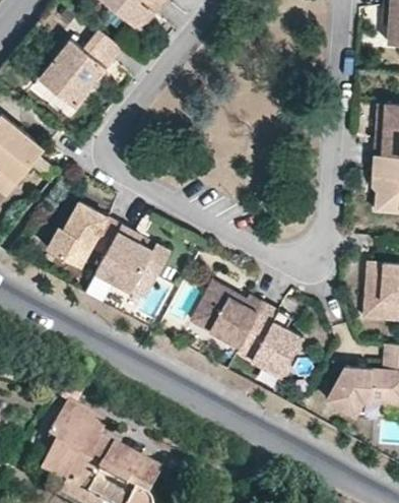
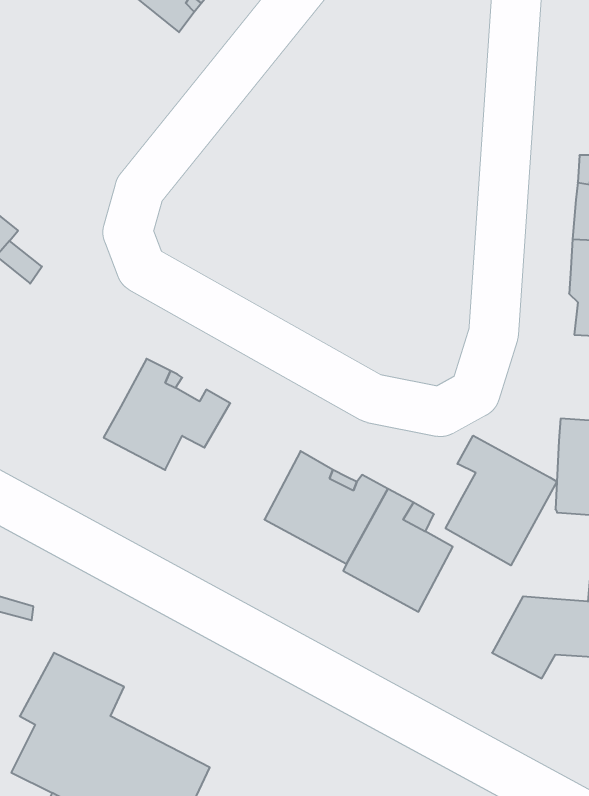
building: [40,30,124,108] -> none
building: [49,202,122,267] -> none
building: none -> [446,436,557,565]

